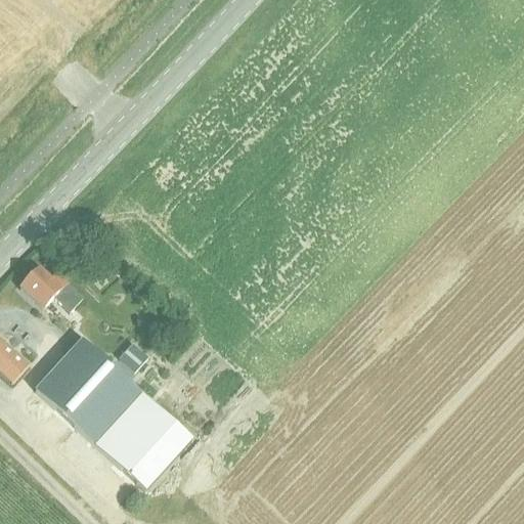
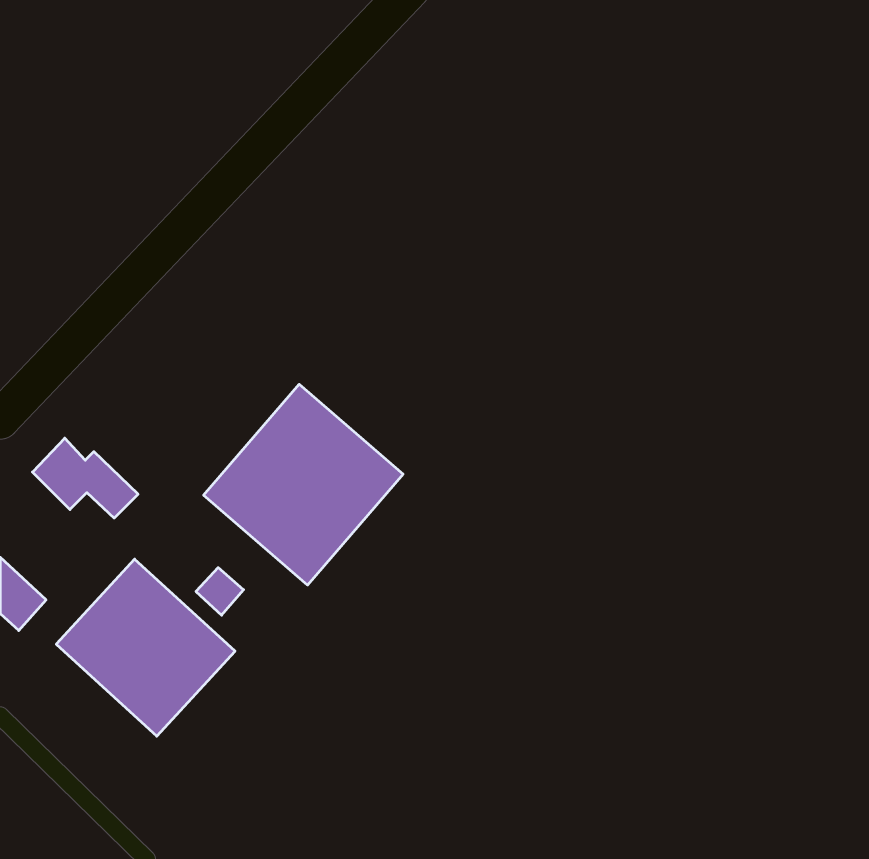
building: none -> [204,384,403,585]
building: [95,391,192,487] -> none

